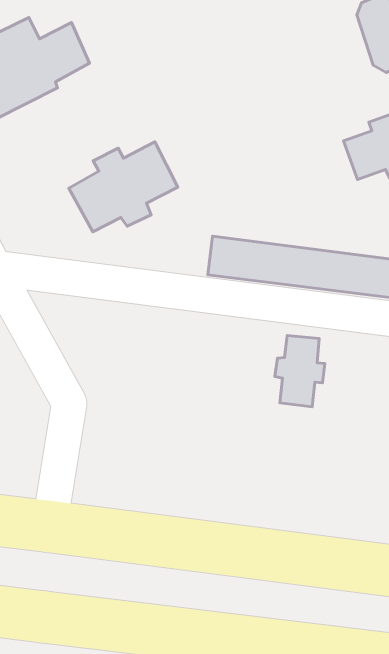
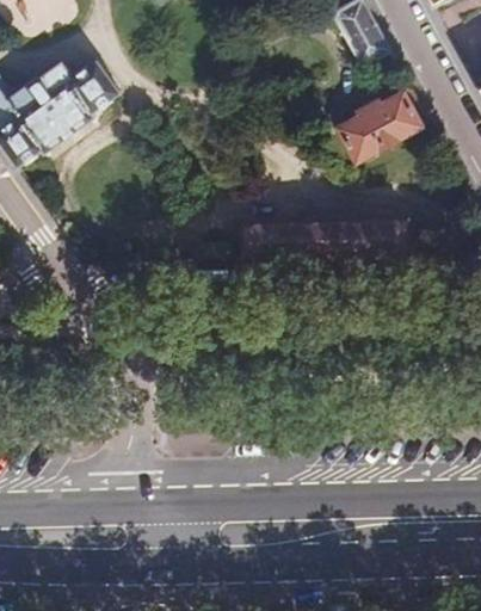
building: [69,142,178,232] -> none
building: [275,336,325,407] -> none

